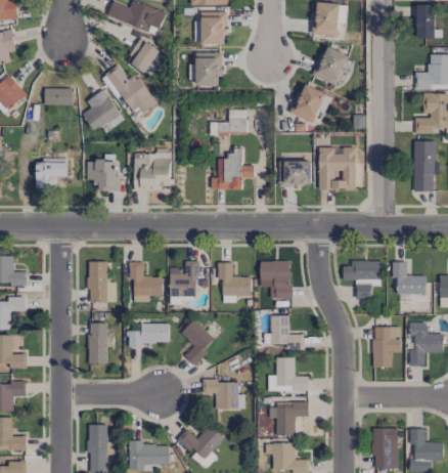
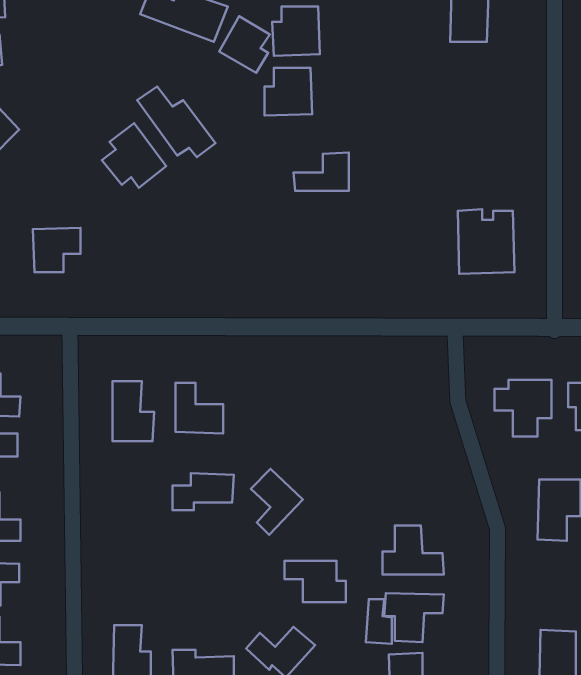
building: [127,38,161,76] -> [219,16,270,73]
building: [314,46,348,85] -> none
building: [290,83,332,123] -> none
building: [45,88,73,104] -> none
building: [134,147,171,189] -> none
building: [212,147,255,189] -> none
building: [87,160,121,190] -> none
building: [277,161,313,186] -> none
building: [261,260,292,299] -> none
building: [170,261,198,296] -> none
building: [218,262,252,296] -> none
building: [271,315,304,349] -> none
building: [89,322,107,362] -> none

